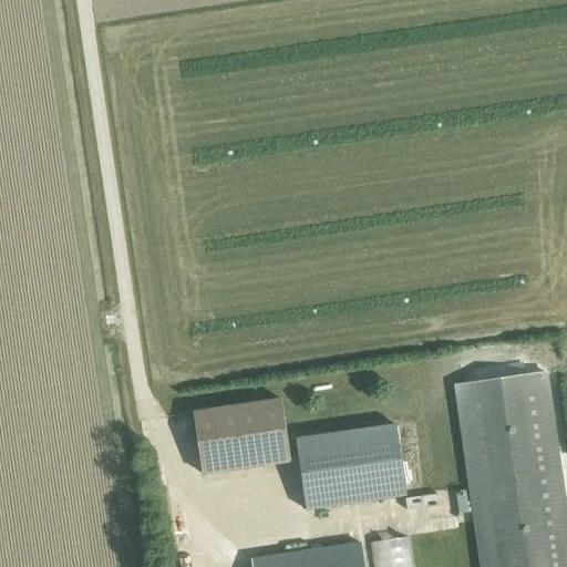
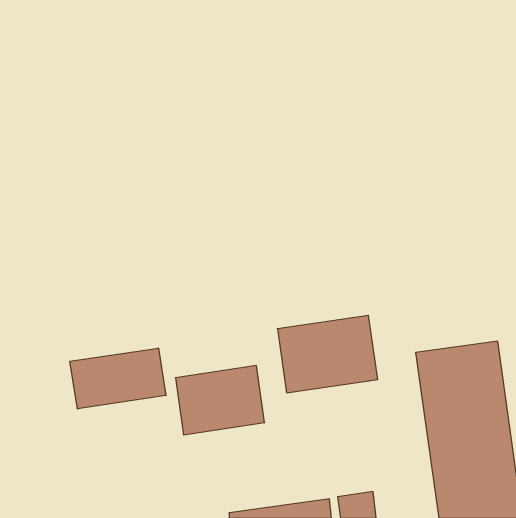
building: none -> [70,348,166,409]
building: [297,424,406,508] -> [277,316,378,393]

